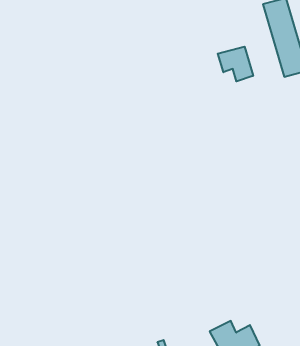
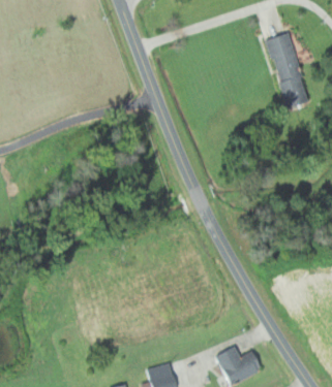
building: [218,47,253,81] -> none

